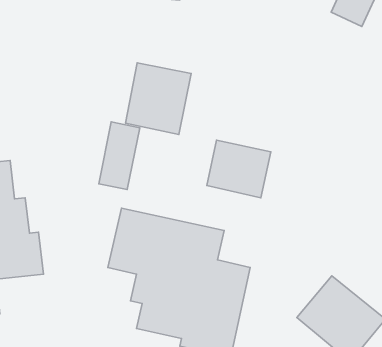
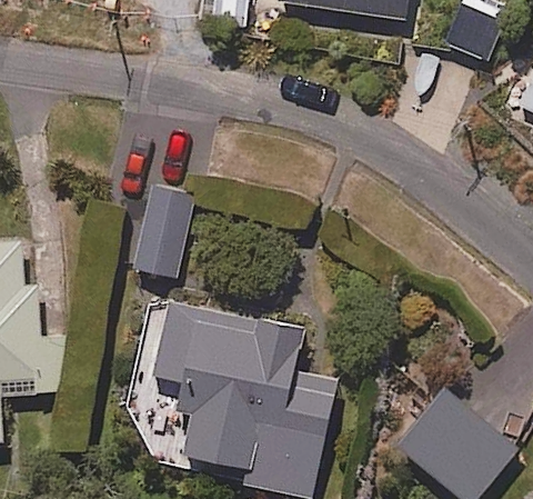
building: [125,63,191,134] -> none
building: [207,140,271,198] -> none

